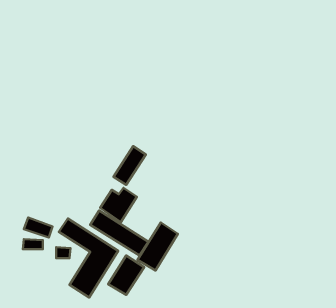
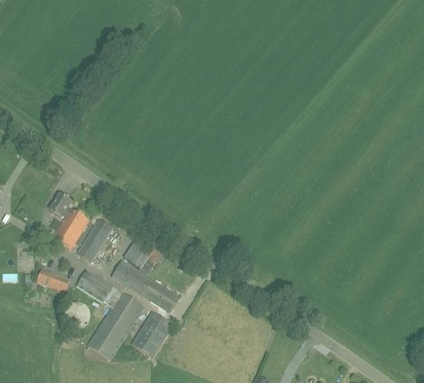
building: [113,146,146,185] -> [76,218,113,262]
building: none -> [50,194,88,248]
building: [138,223,178,270] -> none

